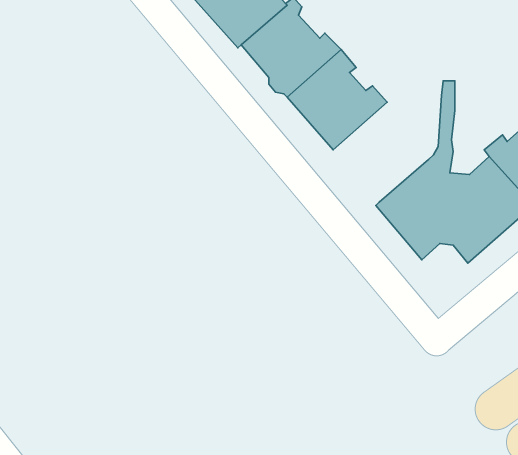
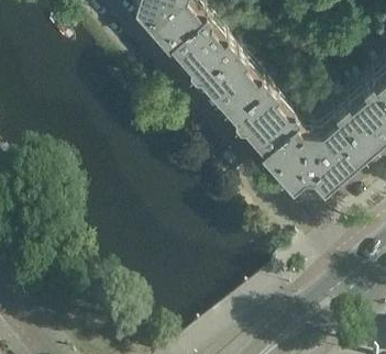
building: none -> [232,81,299,148]

